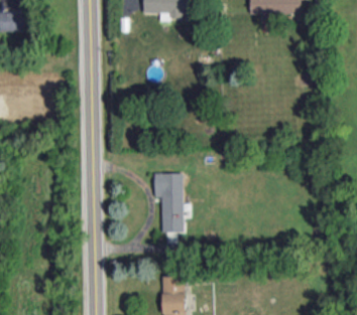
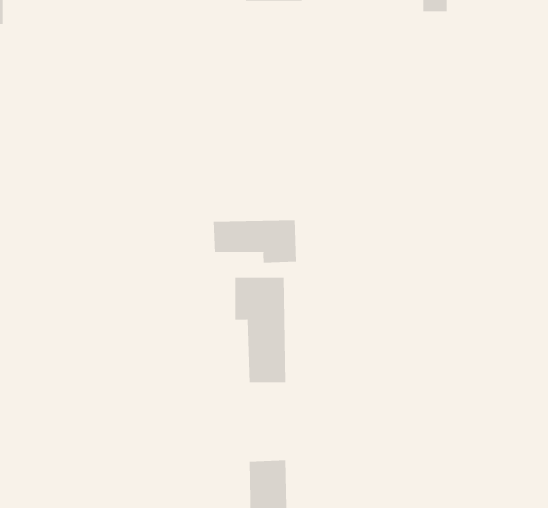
building: none -> [213,220,297,263]

